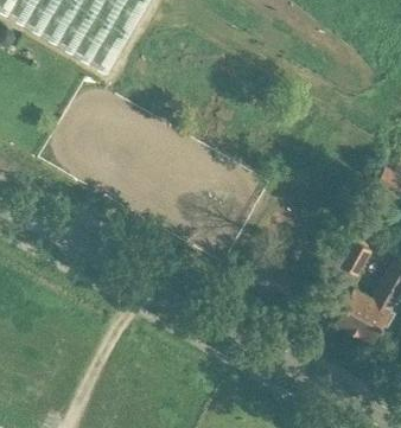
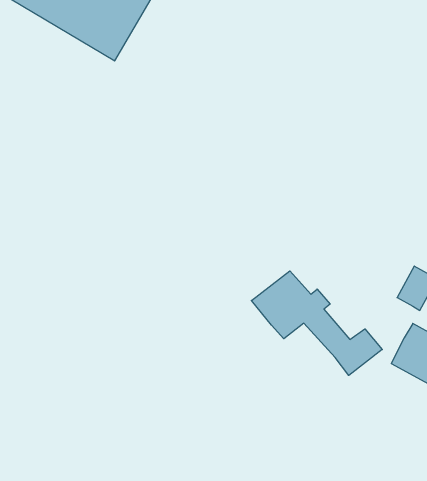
building: none -> [251,271,382,375]

